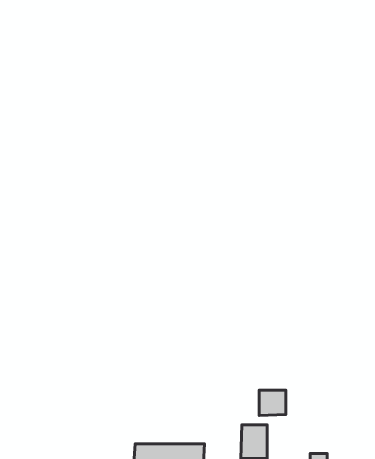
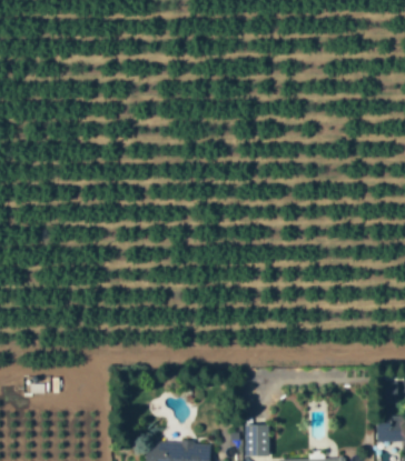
building: [259,390,286,416] -> none

